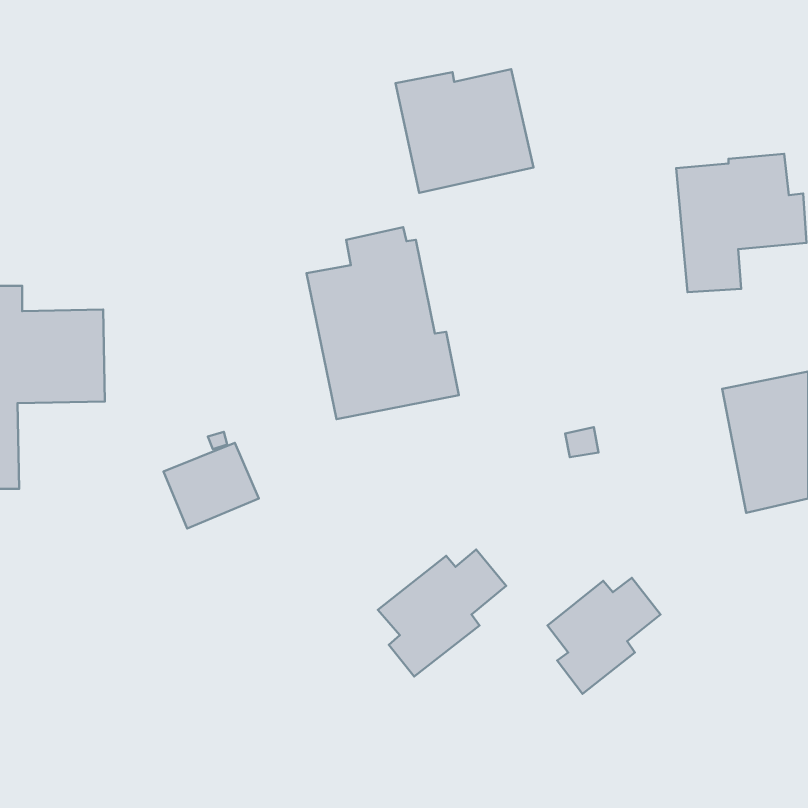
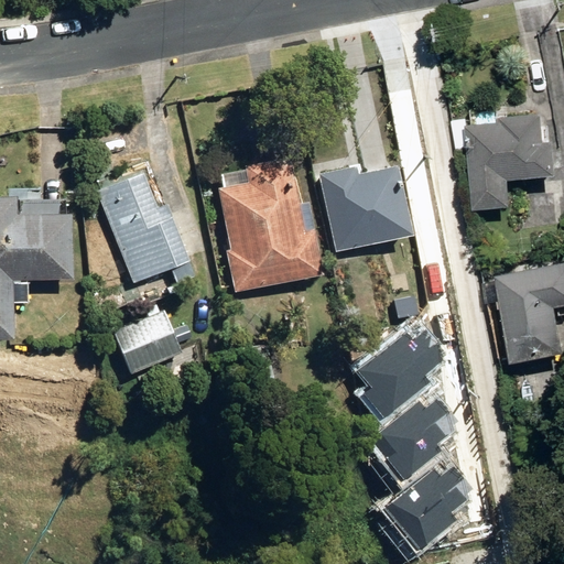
building: [395,69,534,193] -> [317,166,413,252]
building: none -> [95,166,193,279]
building: [378,549,506,676] -> [356,332,445,420]
building: none -> [383,470,464,552]

